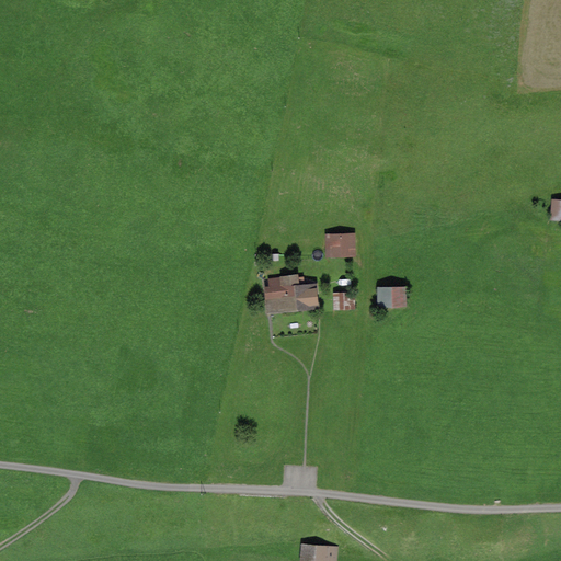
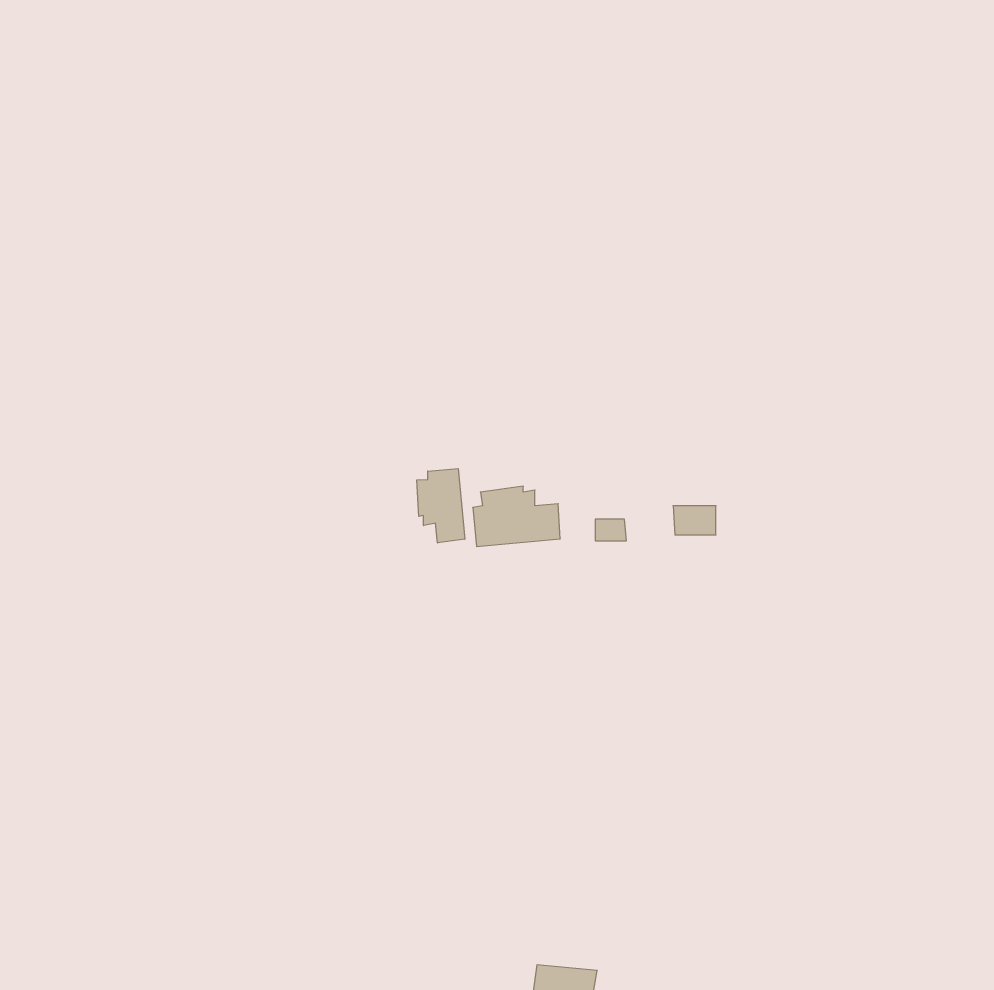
building: [328,236,353,254] -> none
building: none -> [417,469,465,543]

